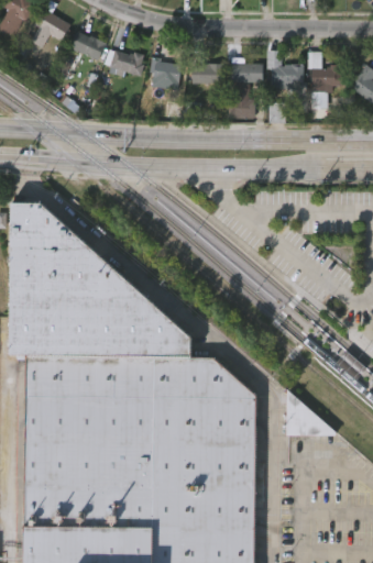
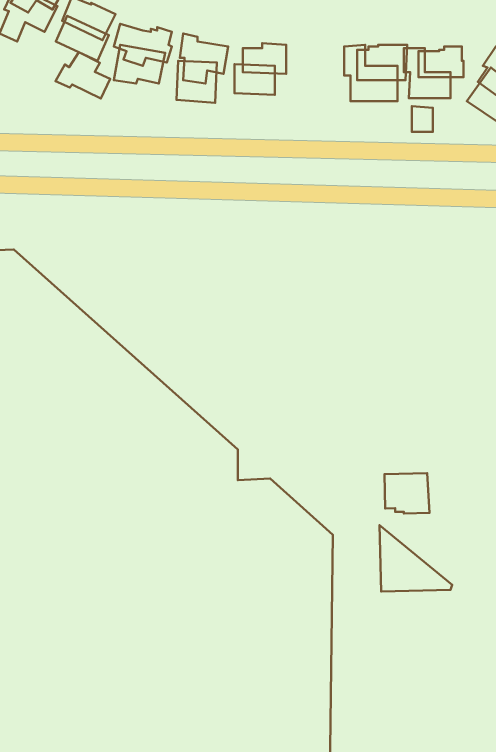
building: [229,57,264,119] -> none
building: none -> [56,52,110,99]
building: none -> [384,473,430,514]

